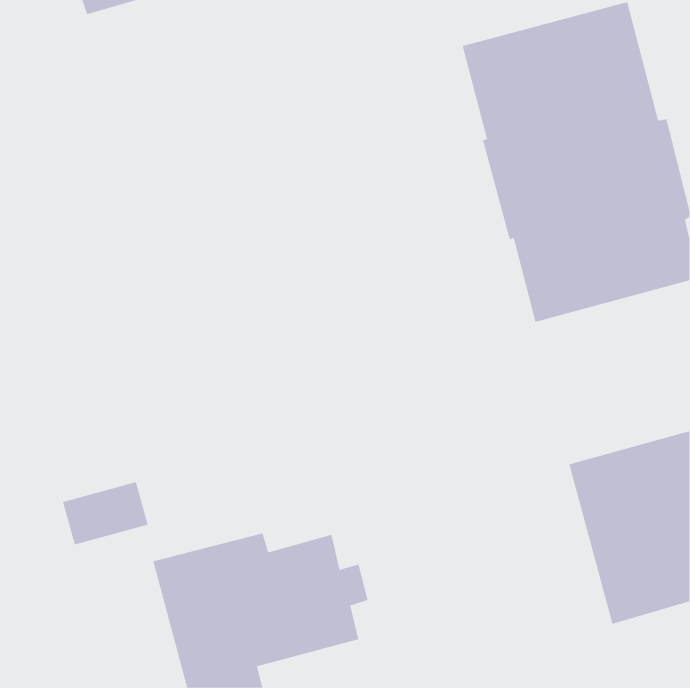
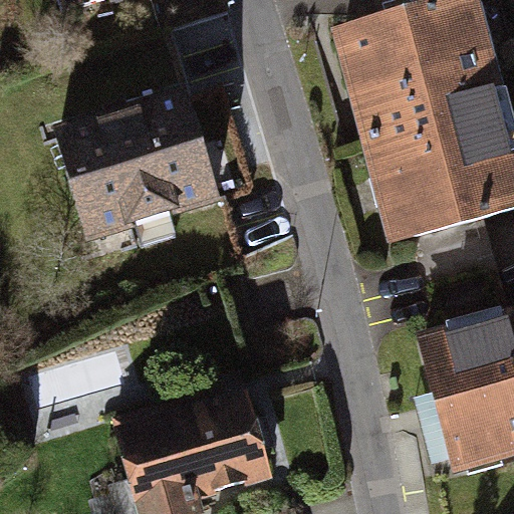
building: none -> [60,99,213,237]

